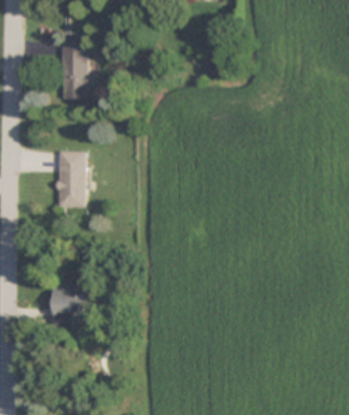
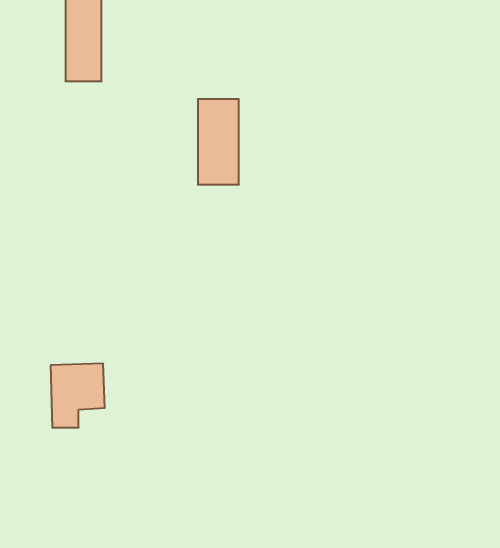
building: [57,150,85,206] -> [198,99,239,185]

